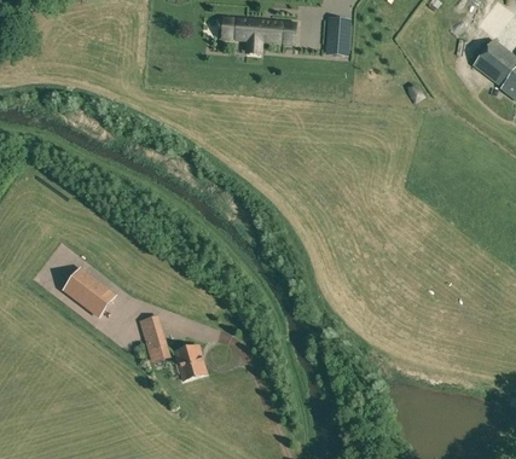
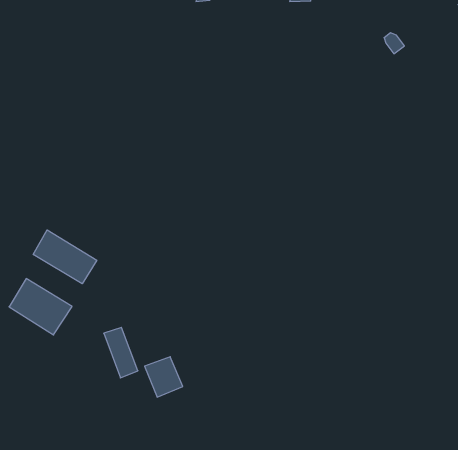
building: none -> [33,230,97,284]

